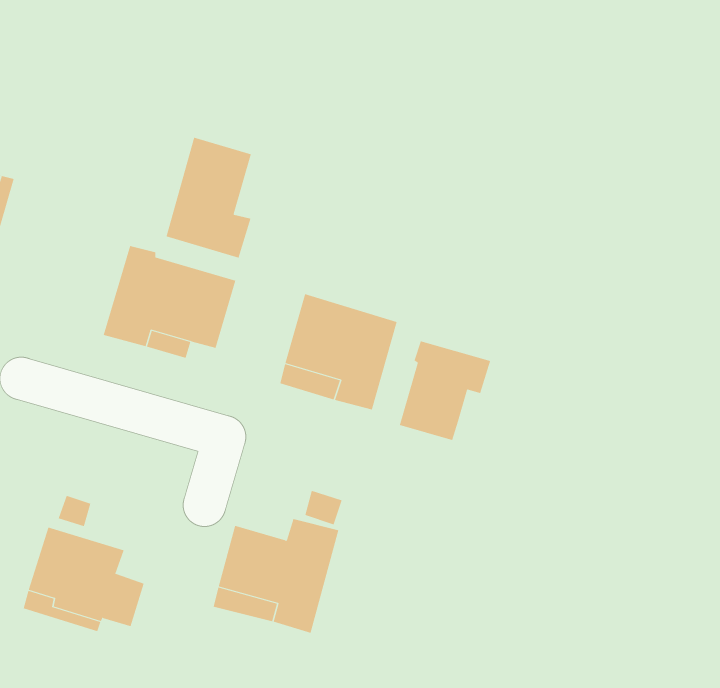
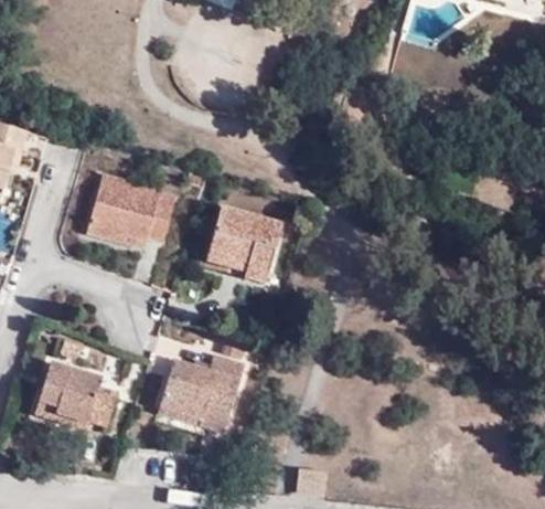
building: [166,137,252,258] -> none
building: [399,341,491,441] -> none

